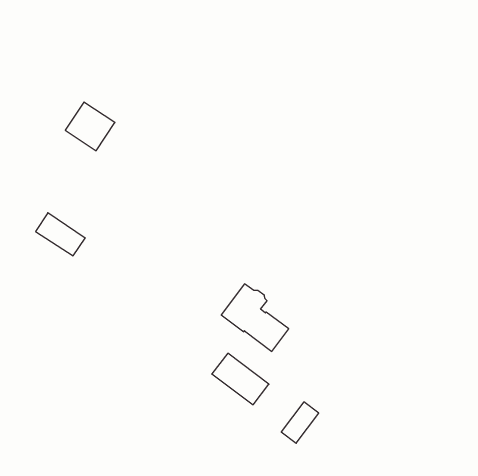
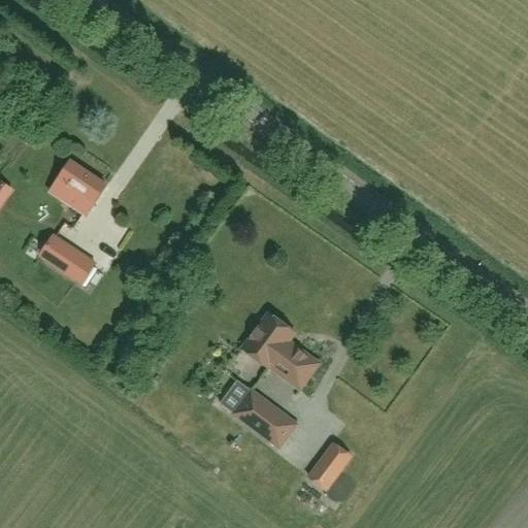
building: [65,102,115,151] -> [50,160,104,213]

